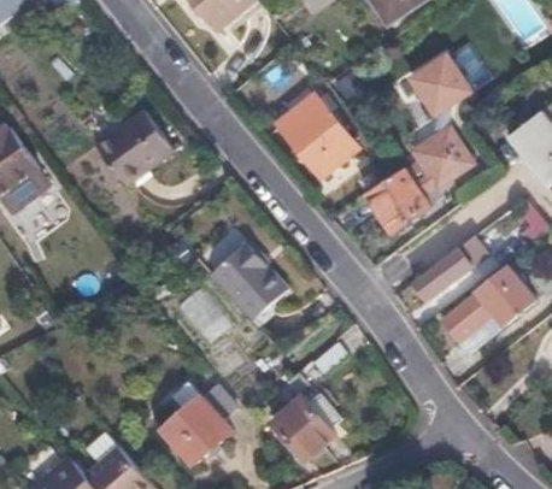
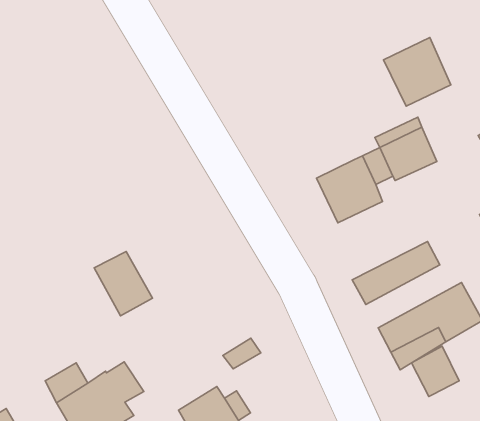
building: [275,93,353,181] -> none
building: [96,112,172,188] -> none
building: [210,240,287,319] -> none
building: none -> [411,346,459,397]

